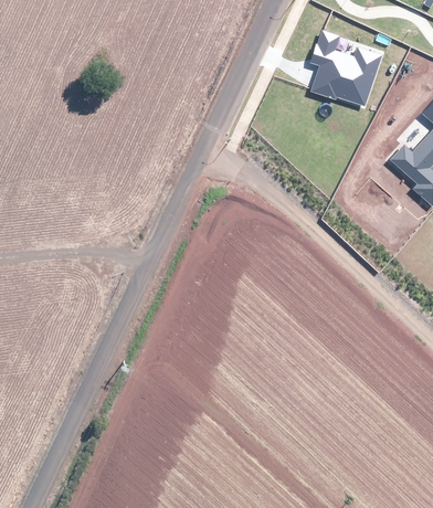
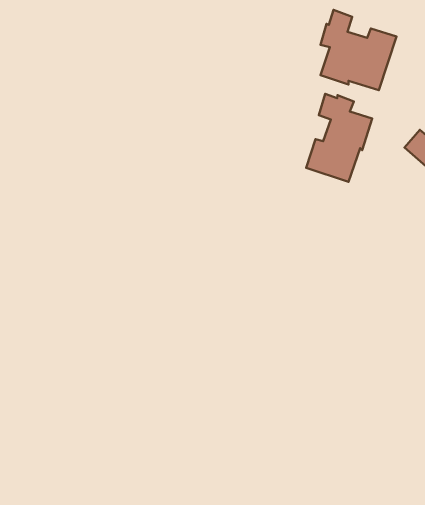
building: none -> [306,94,372,182]

